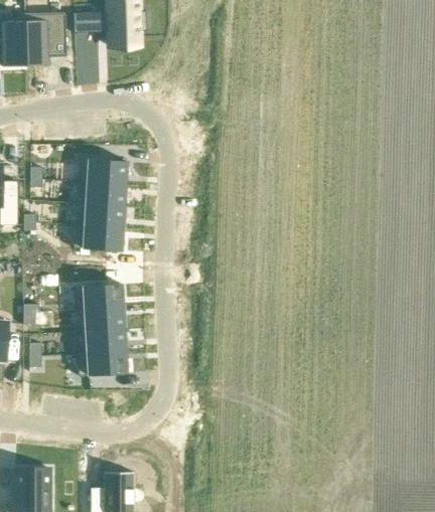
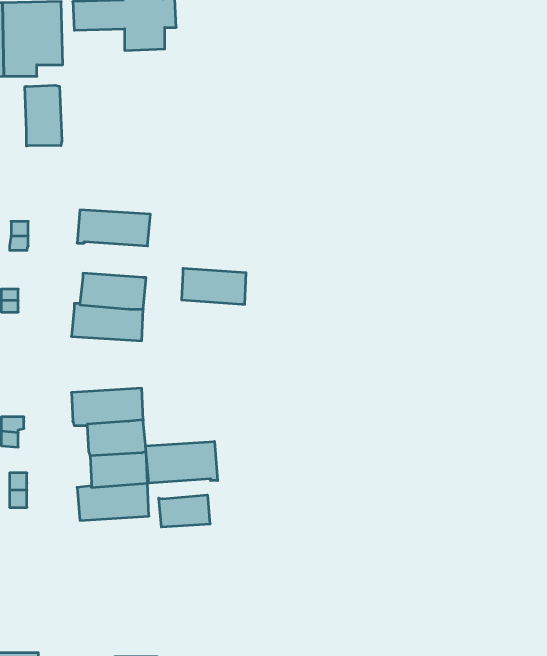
building: none -> [25,85,62,146]
building: [81,181,126,206] -> [182,268,246,304]
building: none -> [146,441,218,483]
building: none -> [159,495,210,527]

